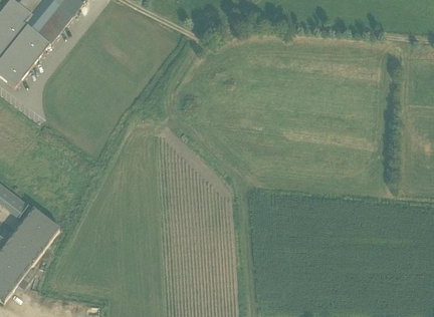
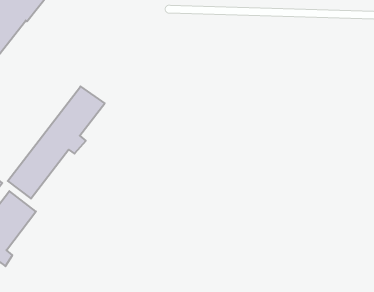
building: none -> [8,86,105,199]

